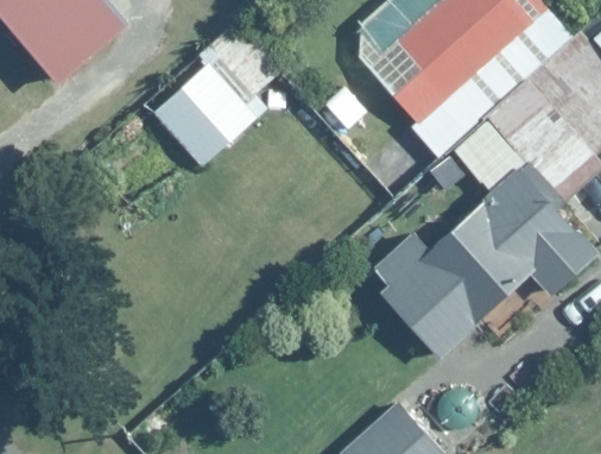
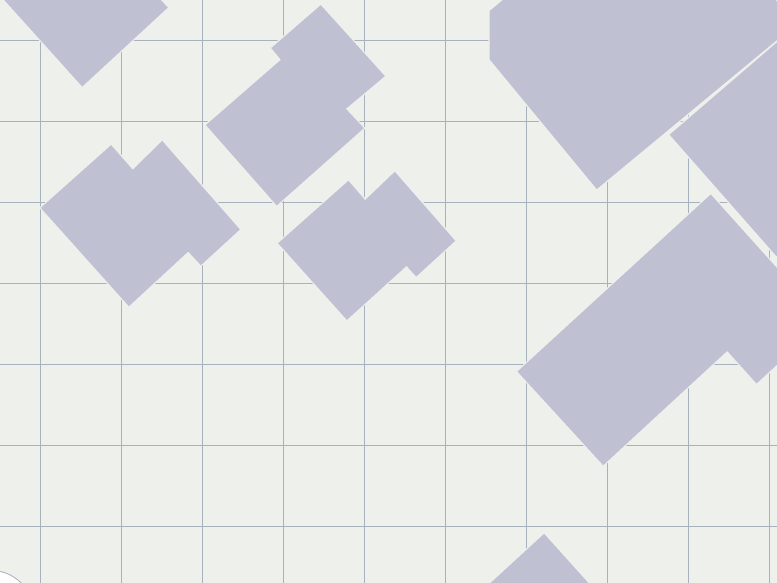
building: none -> [40,140,241,307]
building: none -> [277,171,456,321]

